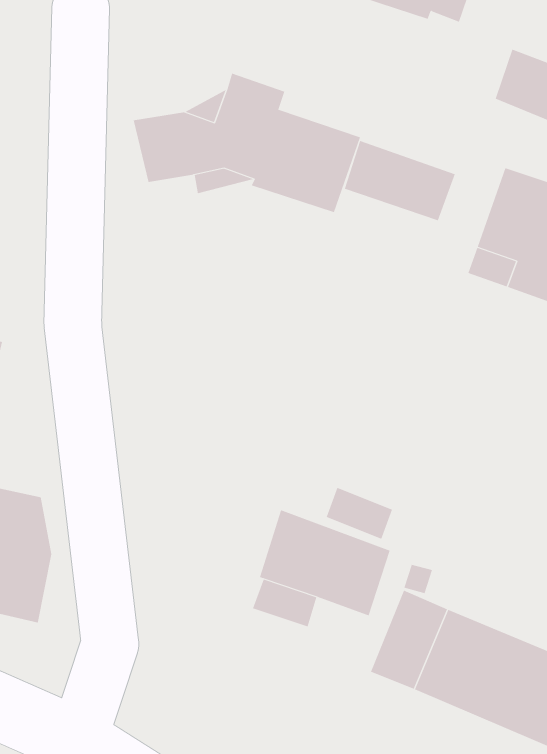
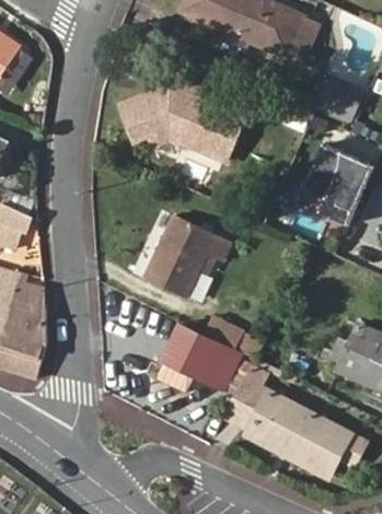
building: [344,140,455,221] -> none
building: none -> [144,215,234,296]

